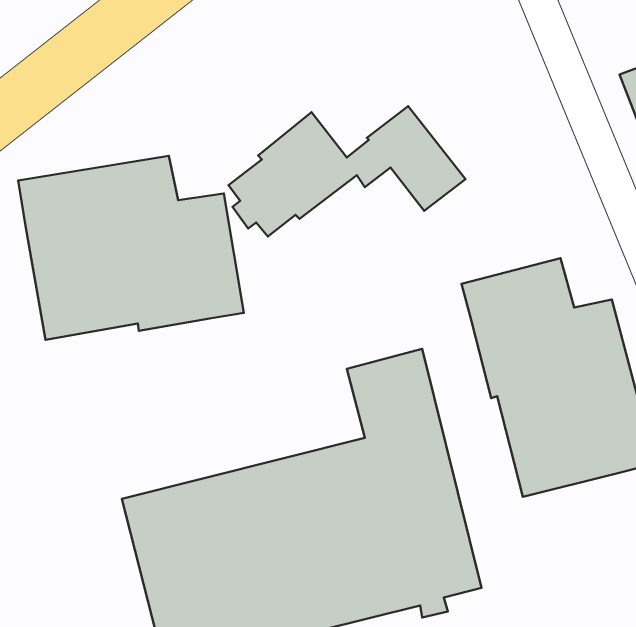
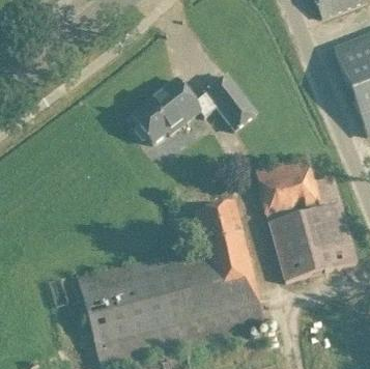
building: [18,156,244,340] -> none

